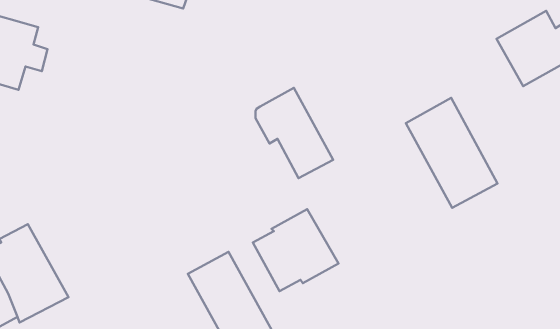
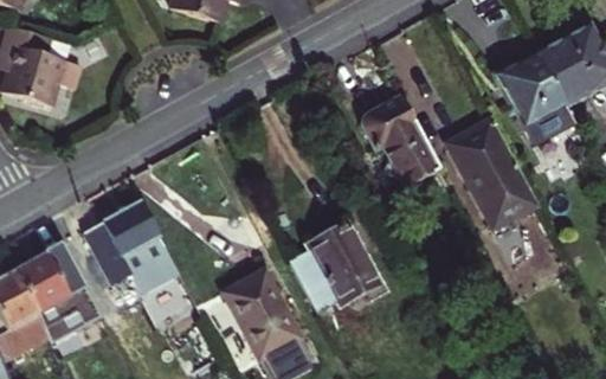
building: none -> [496,53,570,136]
building: [255,88,333,178] -> [360,96,439,188]
building: none -> [82,203,178,294]

